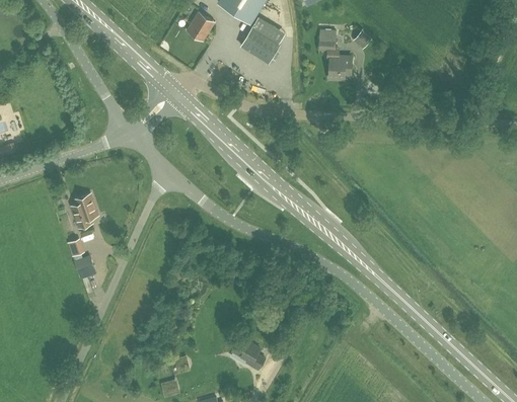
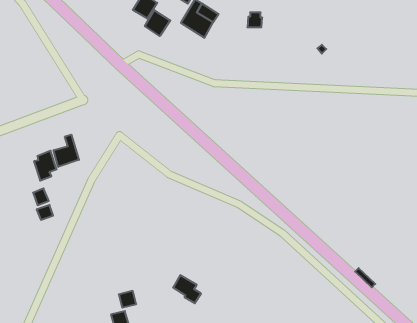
building: none -> [145,10,170,36]
building: [328,56,351,79] -> none
building: none -> [54,135,79,167]

